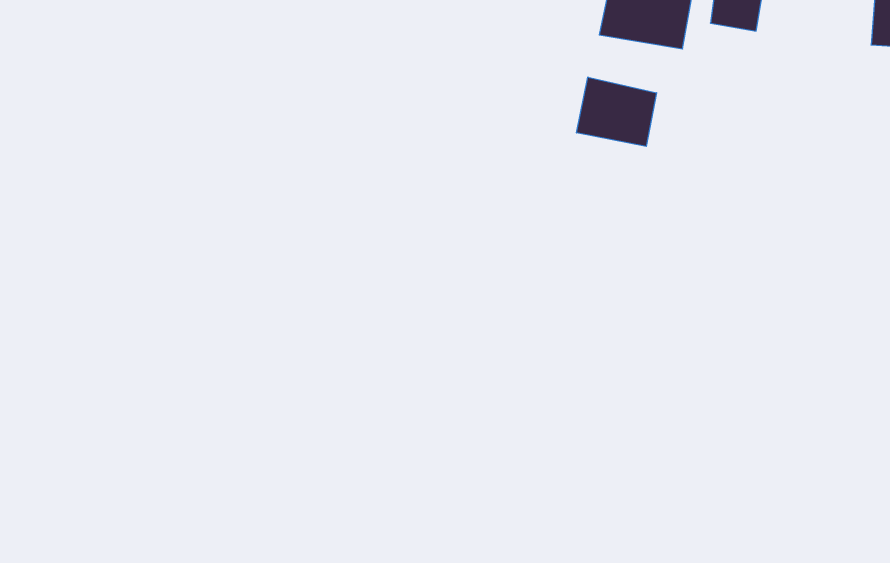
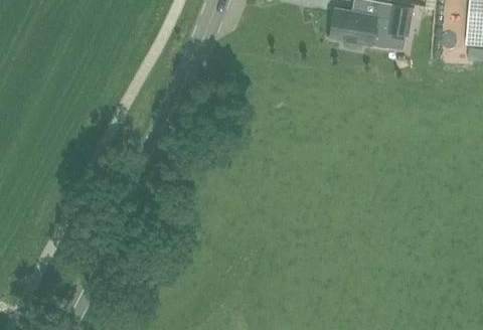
building: [577,77,657,146] -> none

